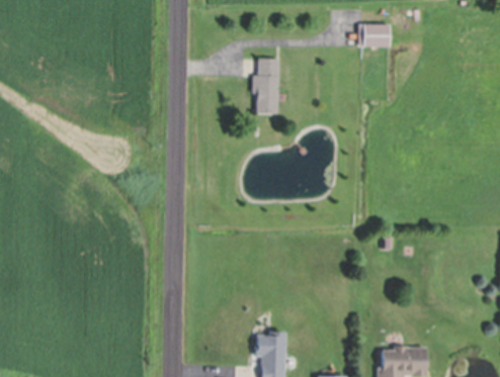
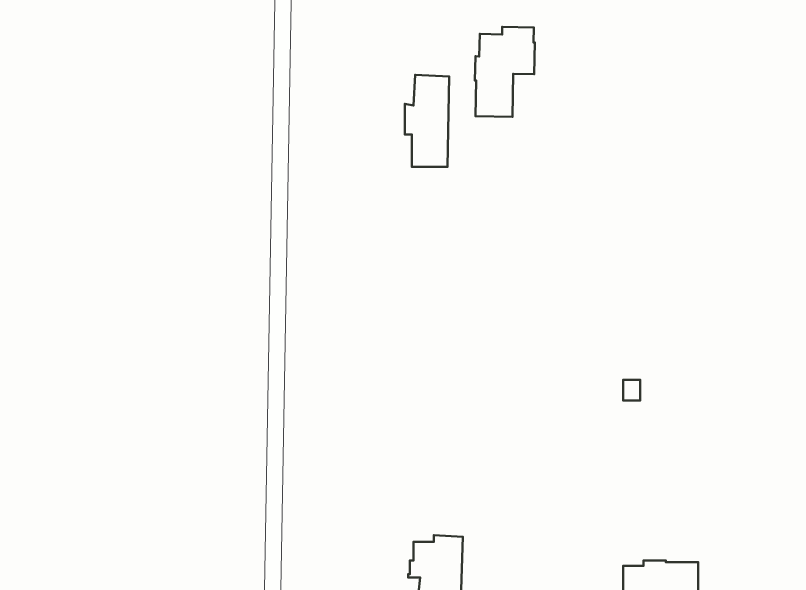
building: [359,23,390,46] -> none
building: none -> [475,27,535,117]

